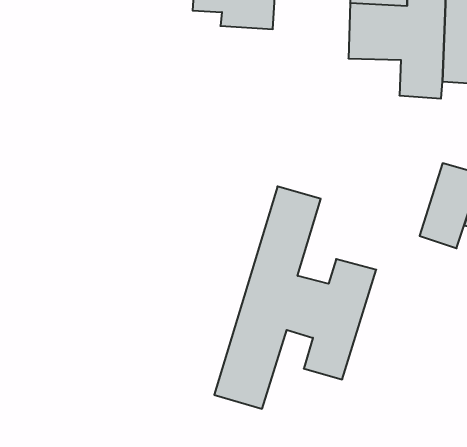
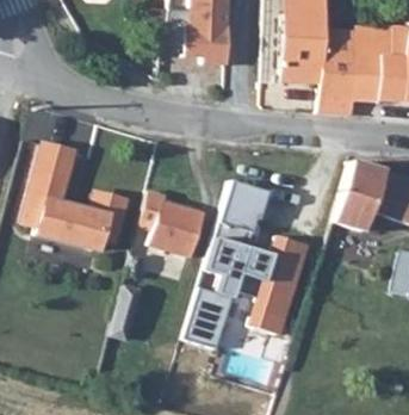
building: none -> [24,145,128,252]
building: none -> [138,192,204,262]

